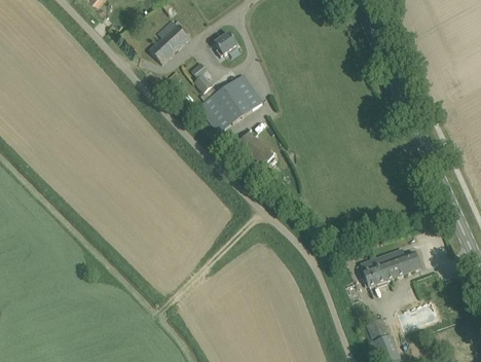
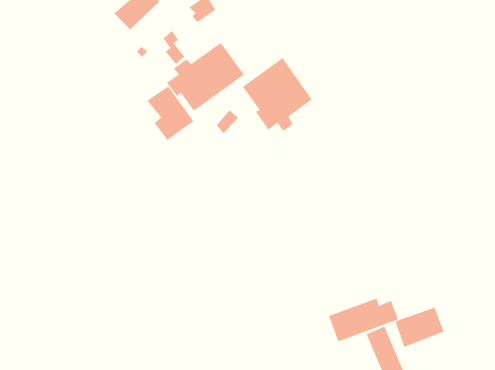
building: none -> [242,57,313,132]
building: none -> [146,85,194,141]
building: [360,249,420,287] -> [328,298,399,342]

